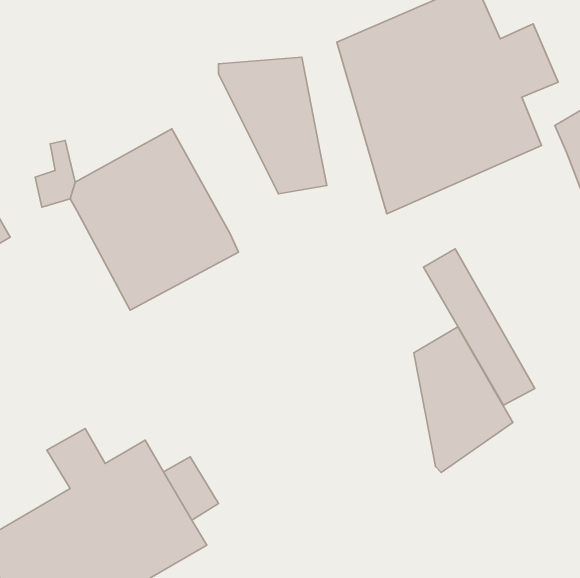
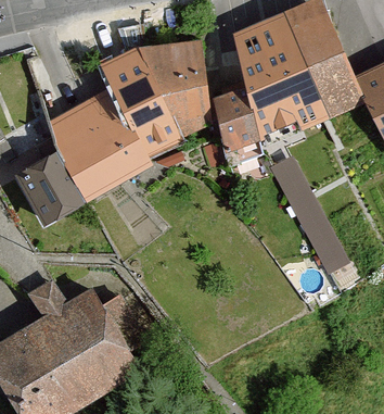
building: none -> [105,24,188,159]
building: none -> [221,86,261,177]
building: none -> [22,143,88,229]
building: [414,327,513,473] -> none

